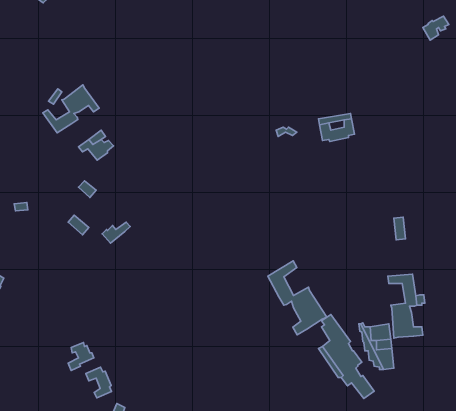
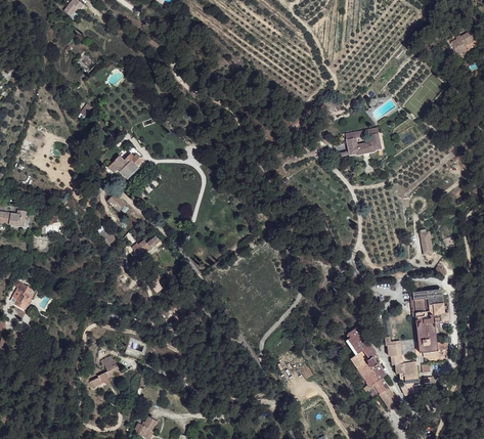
building: [43,85,99,133] -> none
building: [268,261,327,335] -> none
building: none -> [409,290,431,321]
building: [86,367,112,398] -> none

